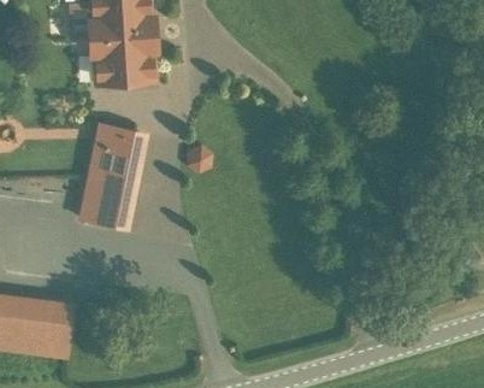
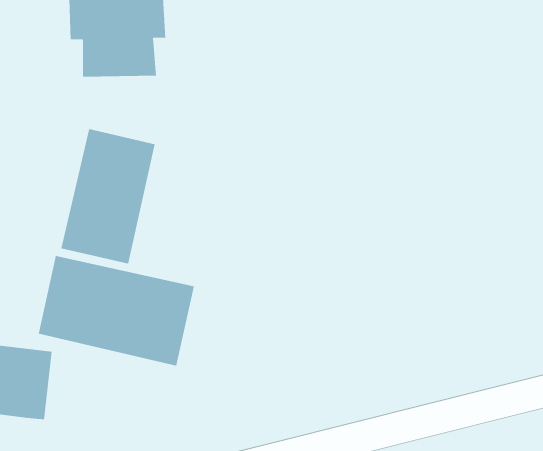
building: none -> [38,255,195,366]

